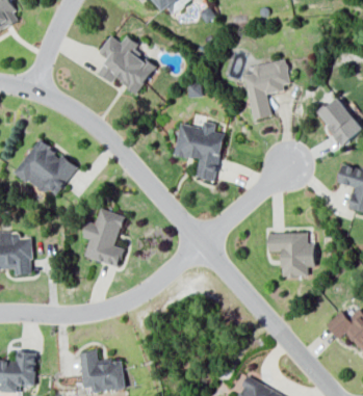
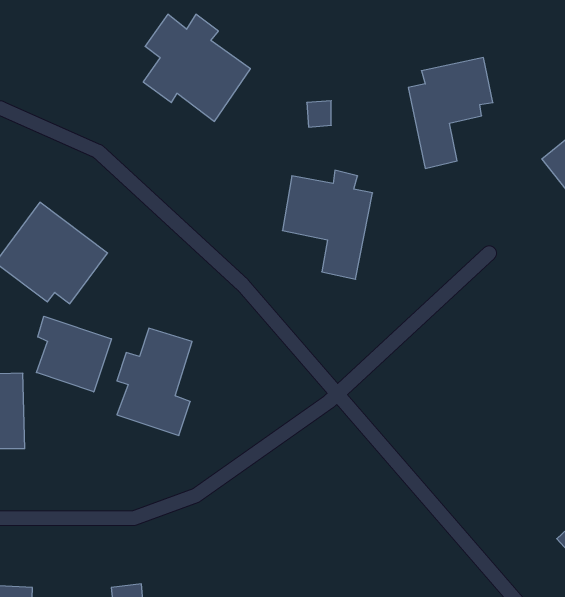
building: none -> [36,316,111,392]
building: [267,232,315,276] -> none

